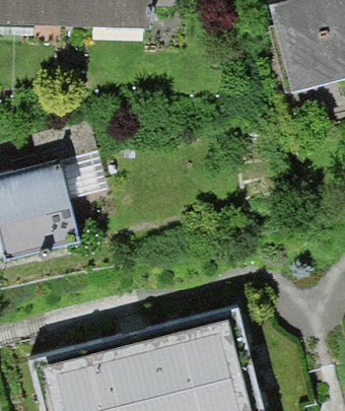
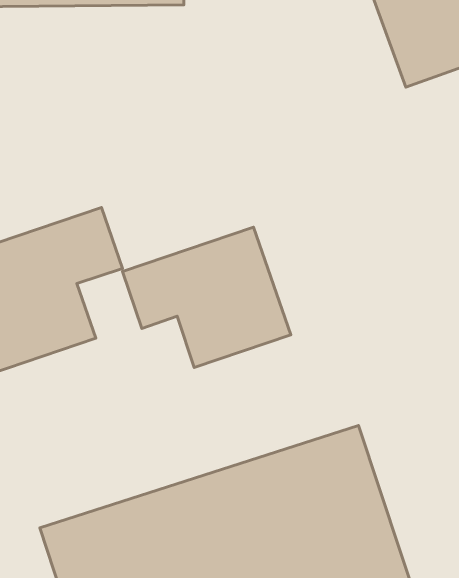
building: none -> [123,227,291,368]

